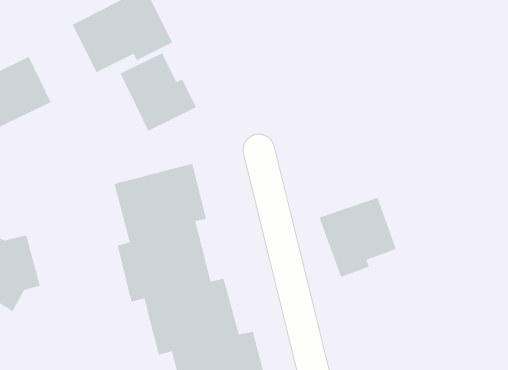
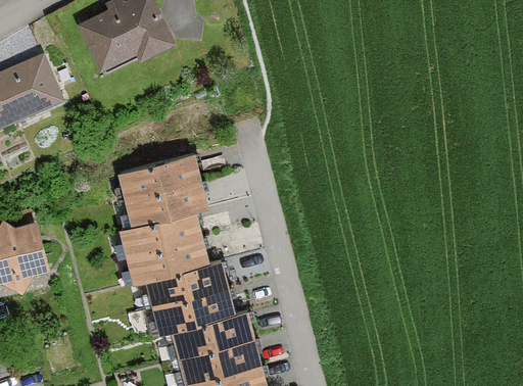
building: [119,52,197,132] -> none
building: [319,197,397,278] -> none

